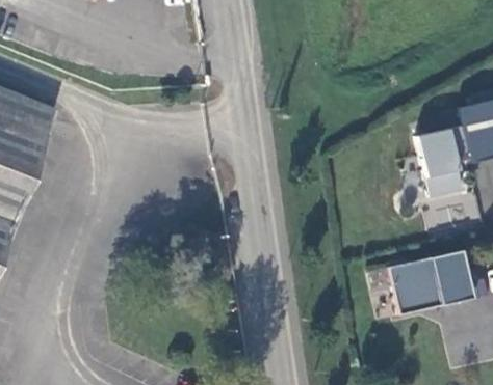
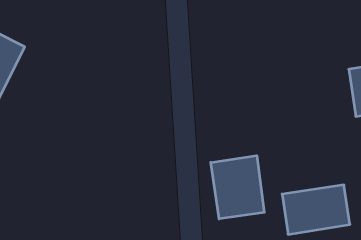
building: [404,126,465,203] -> none
building: none -> [211,156,264,219]

